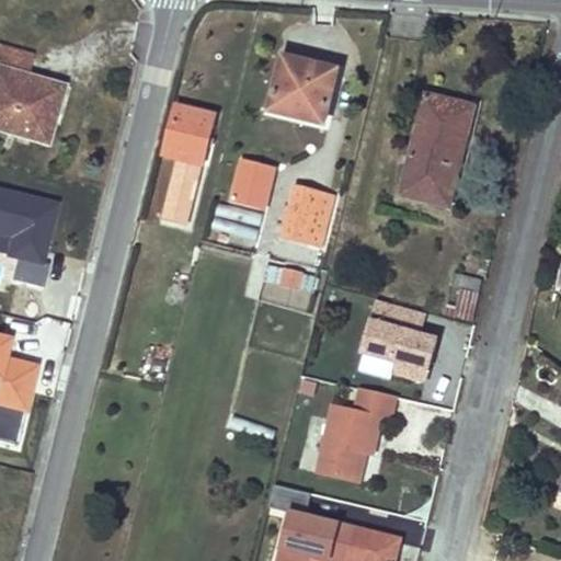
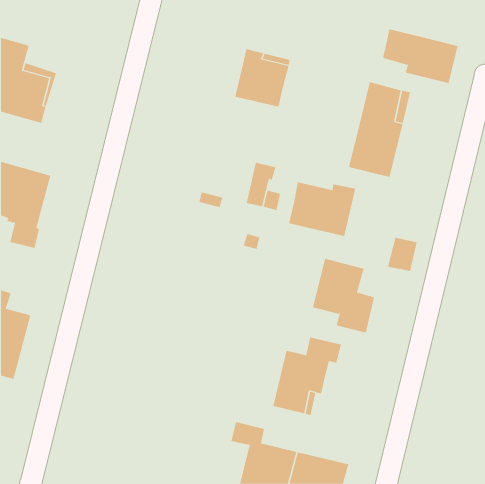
building: none -> [382,29,458,84]
building: [162,105,213,224] -> none
building: [232,160,273,209] -> none
building: none -> [288,182,356,237]

